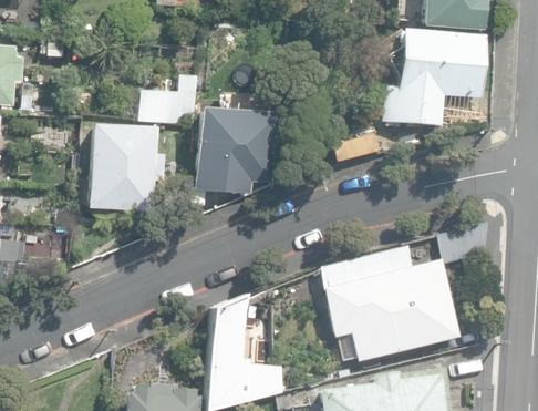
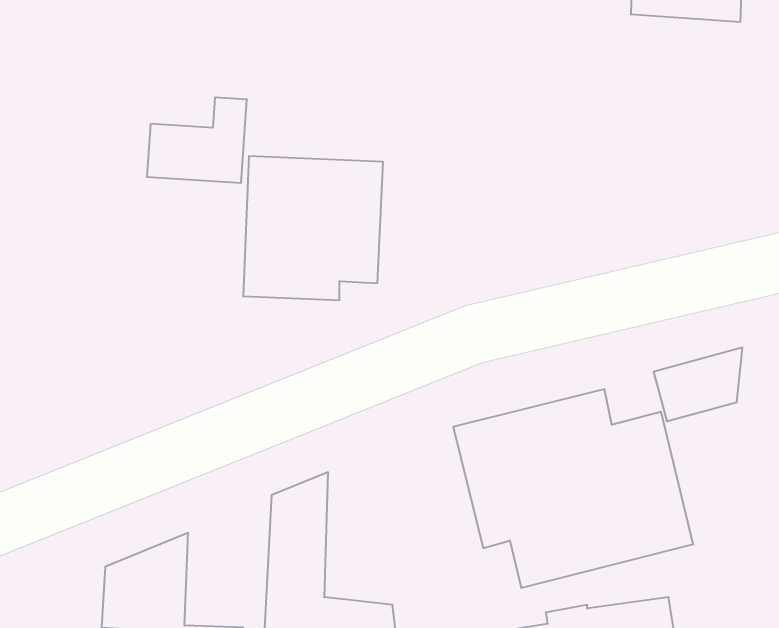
building: [381,29,484,126] -> none
building: [86,124,163,212] -> none

